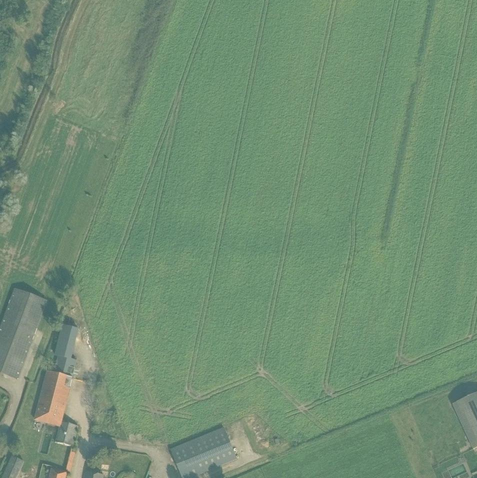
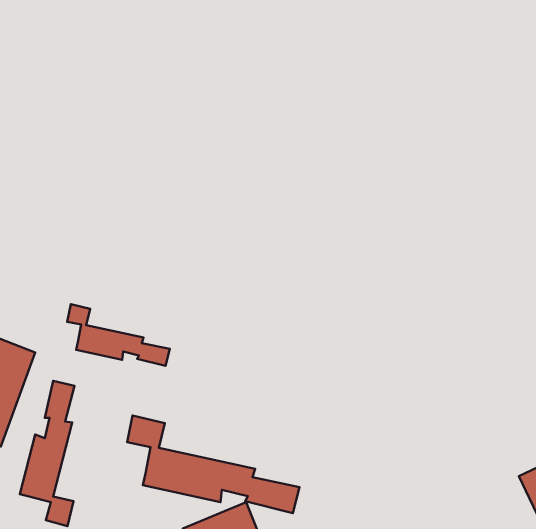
building: none -> [67,304,170,366]
building: none -> [127,416,299,513]

